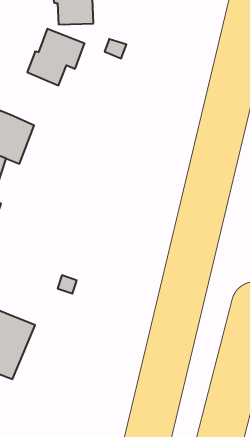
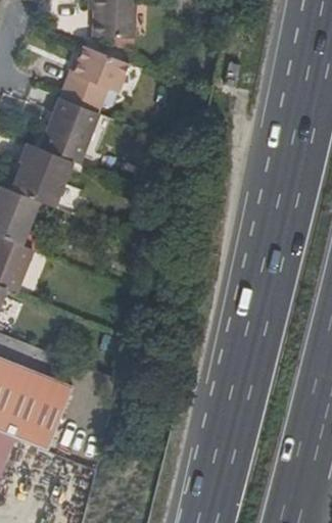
building: none -> [44,89,100,154]

